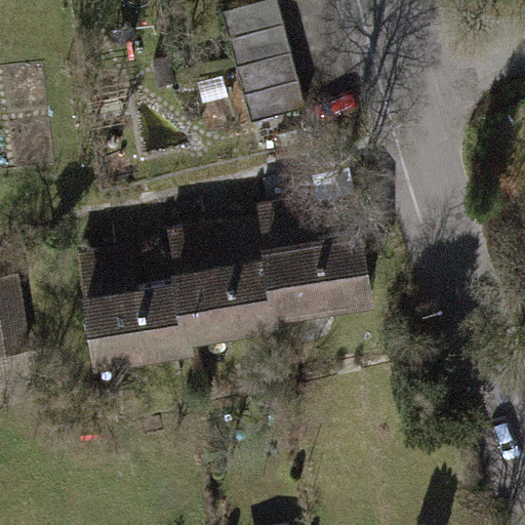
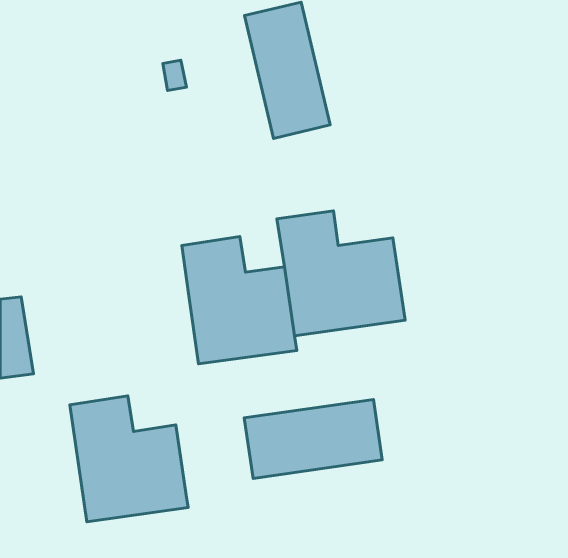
building: [78,254,187,370] -> [70,396,188,522]
building: none -> [244,399,382,478]

